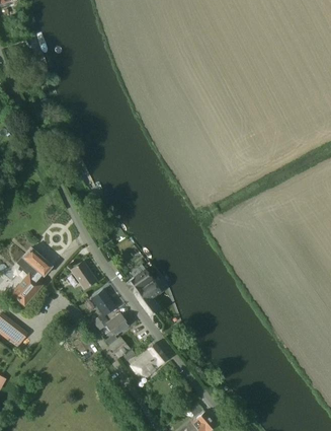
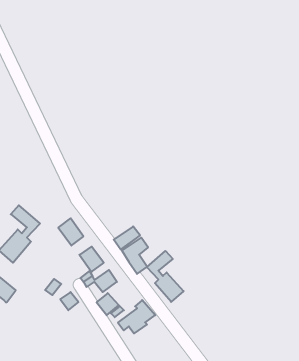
building: none -> [147,251,184,302]

